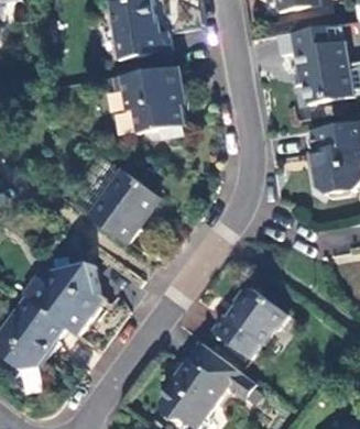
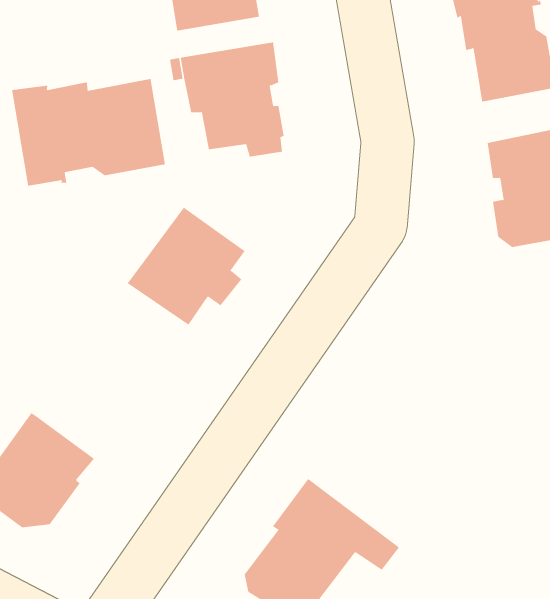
building: none -> [12,78,165,187]
building: [29,264,102,336] -> none
building: [216,286,290,356] -> none

